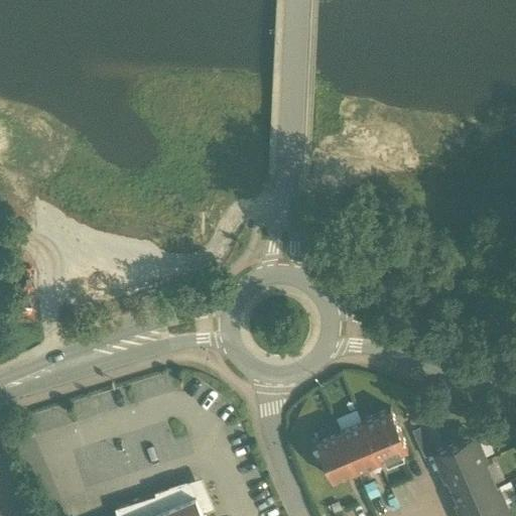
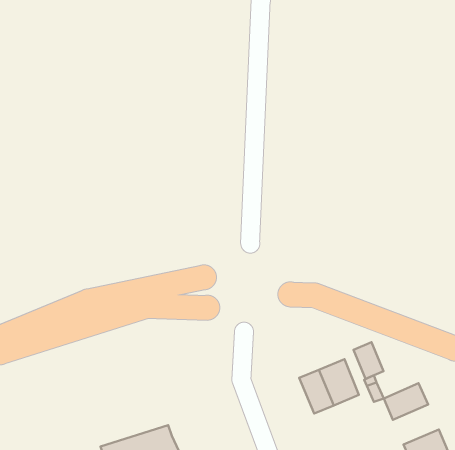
building: none -> [353,342,384,379]
building: [315,433,356,484] -> none
building: [444,464,497,509] -> none

